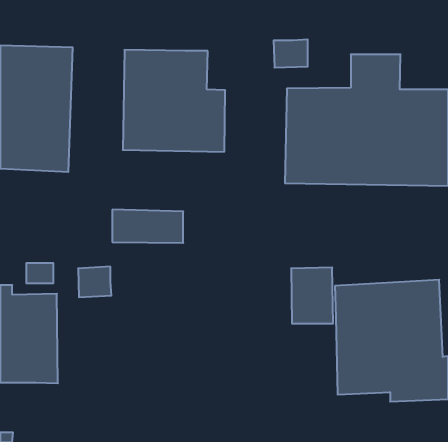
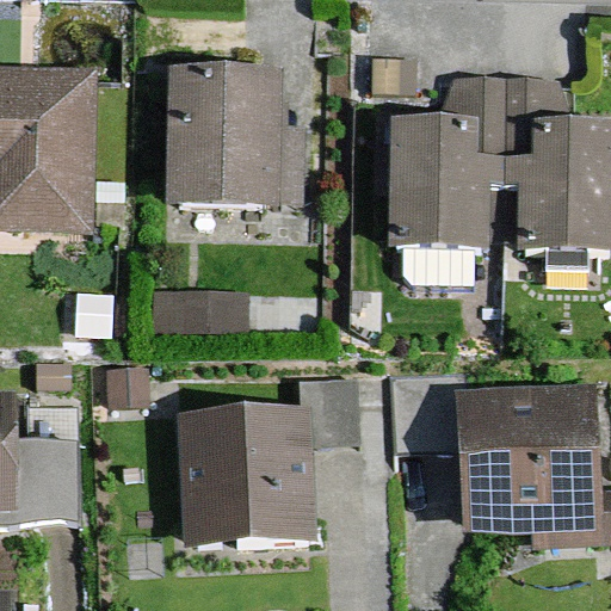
building: none -> [175,376,362,548]

